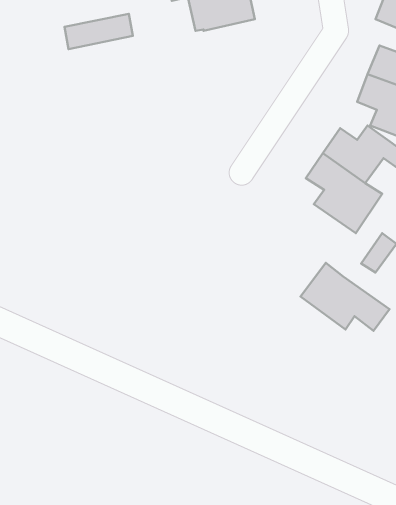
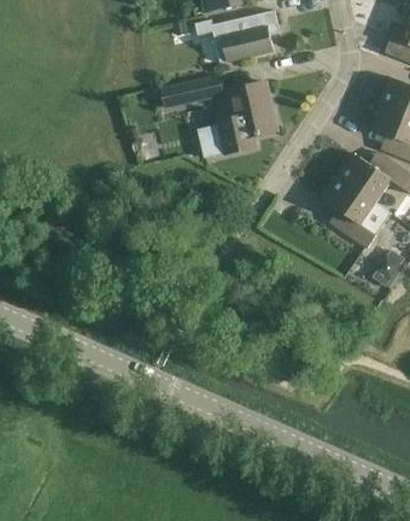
building: [64,14,133,49] -> [160,75,223,107]
building: none -> [216,82,277,154]
building: [300,263,390,331] -> none

